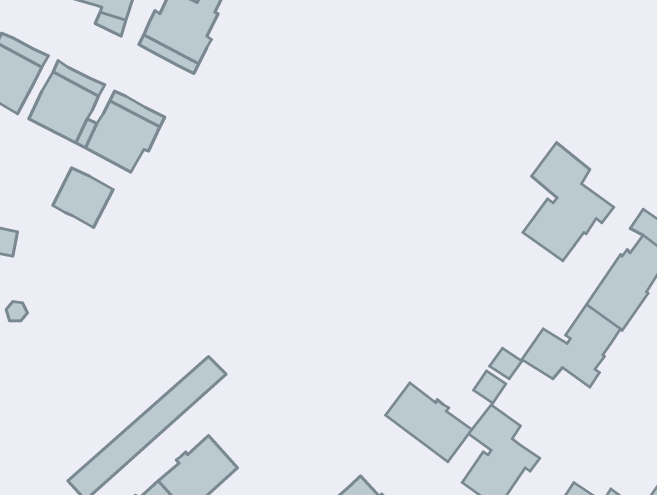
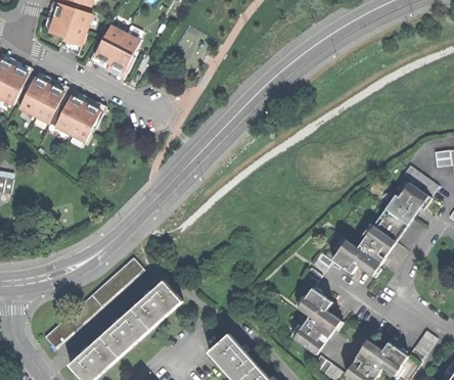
building: [523,143,614,261] -> none
building: [53,168,113,228] -> none
building: [386,383,472,462] -> none
building: none -> [133,281,182,329]

